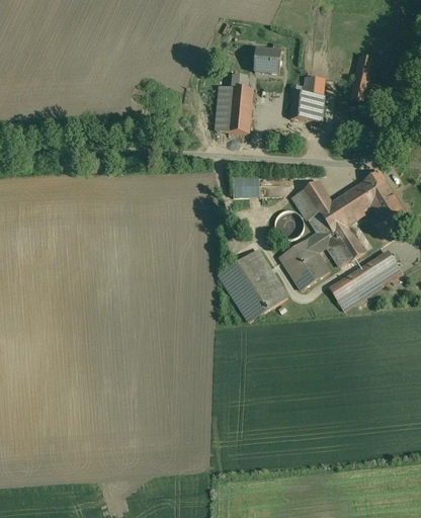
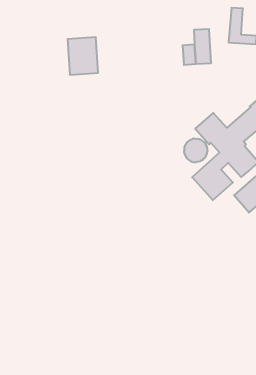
building: [254,44,281,71] -> none
building: [213,84,252,132] -> [68,37,98,75]
building: [231,174,258,197] -> none
building: [218,249,286,321] -> none

